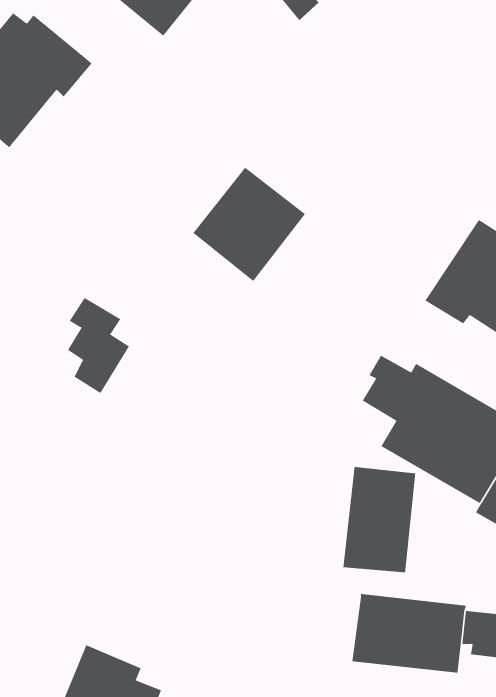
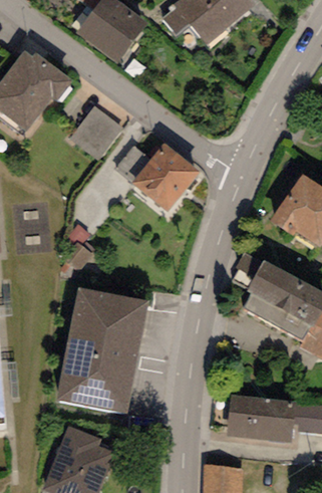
building: none -> [71,105,123,158]
building: none -> [56,287,148,413]
building: [343,466,416,573] -> none

